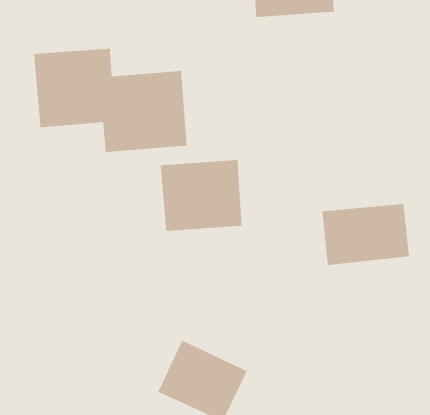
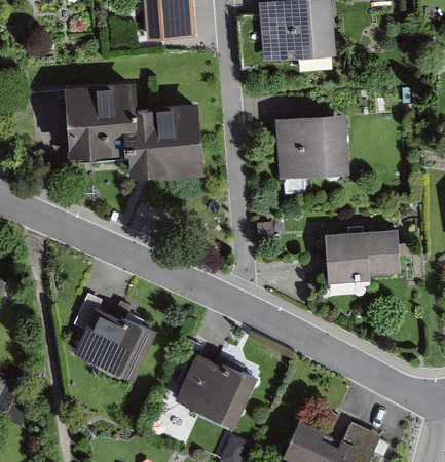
building: [160,159,243,232] -> [276,115,353,182]
building: none -> [74,307,156,385]

